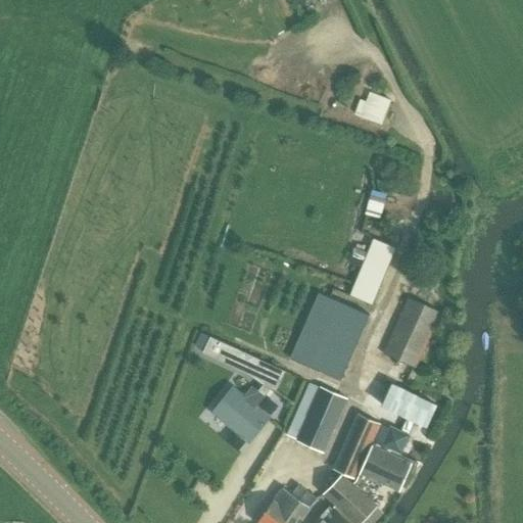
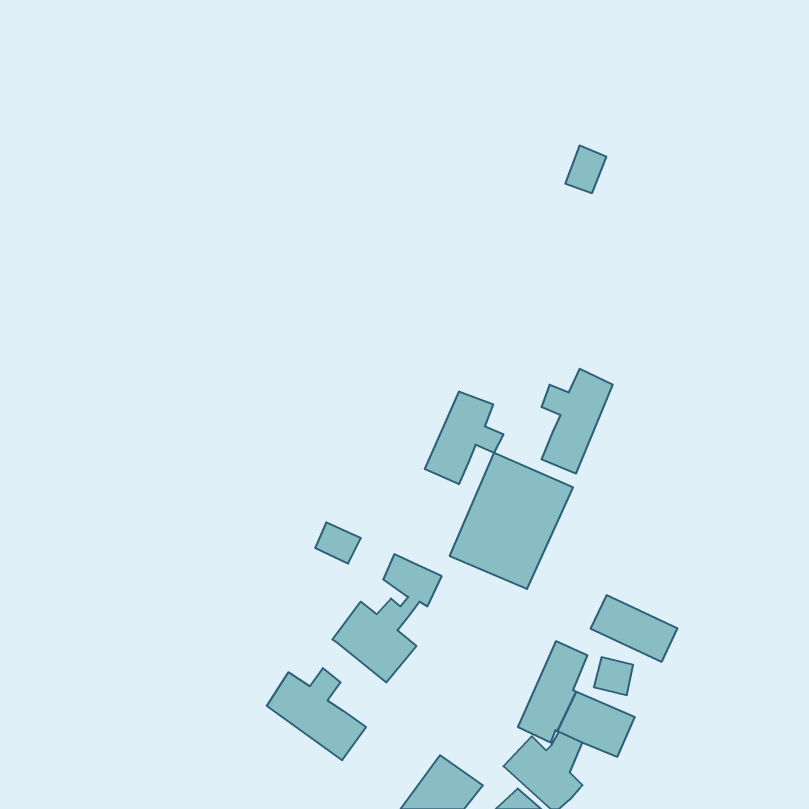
building: none -> [425,391,503,484]
building: [384,298,439,367] -> none
building: [287,383,346,451] -> none
building: none -> [267,668,366,760]

